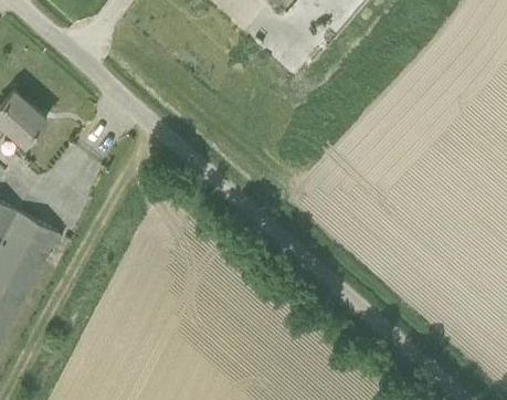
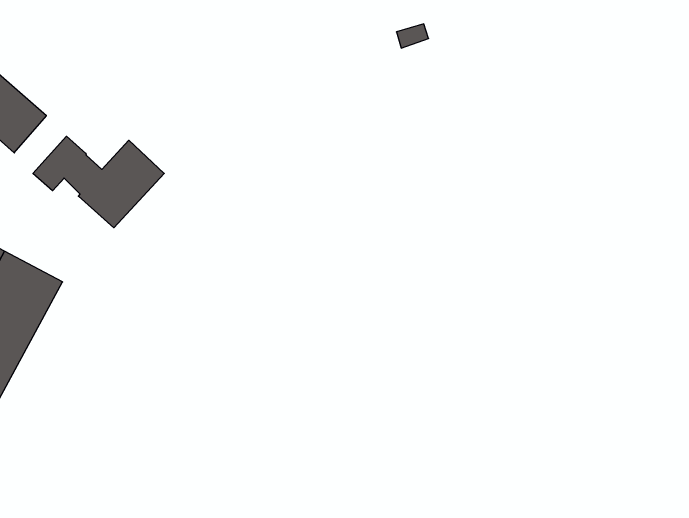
building: none -> [33,136,164,228]

